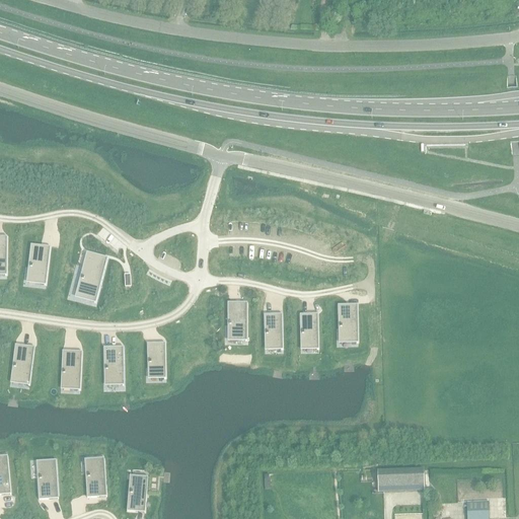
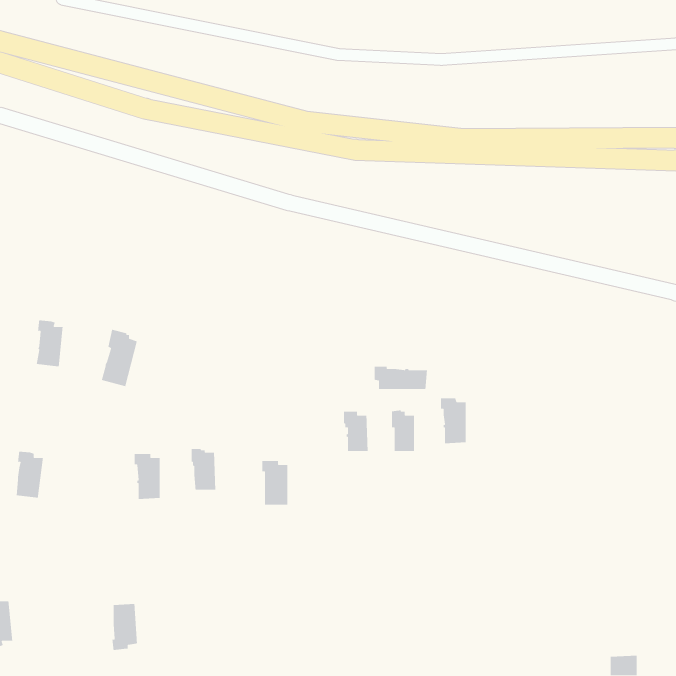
building: none -> [374,366,428,390]
building: [226,302,246,337] -> [262,460,288,505]
building: [61,351,81,386] -> none
building: [38,463,57,500] -> none
building: [377,469,423,487] -> none
building: [126,478,147,511] -> none

